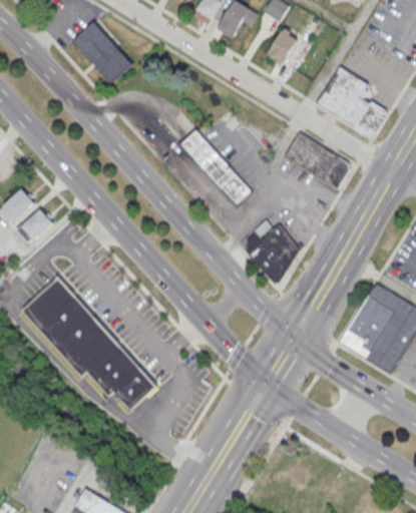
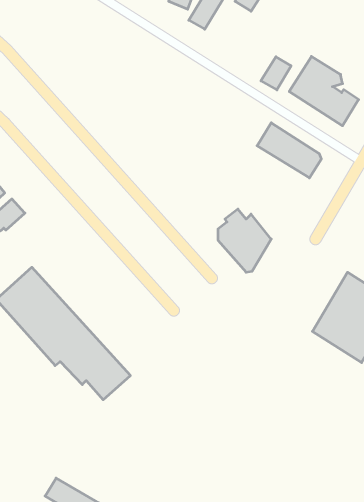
building: [71,21,130,83] -> none
building: [269,32,299,65] -> [261,57,291,90]
building: [181,130,251,203] -> none

